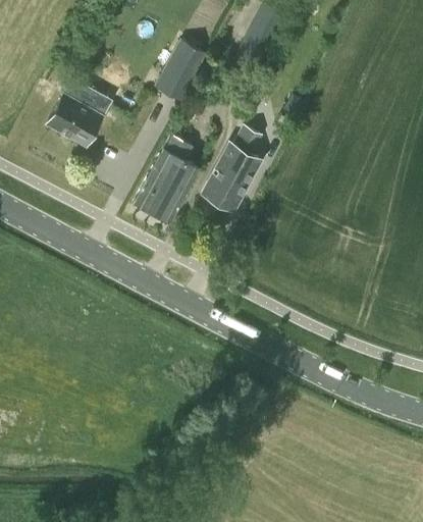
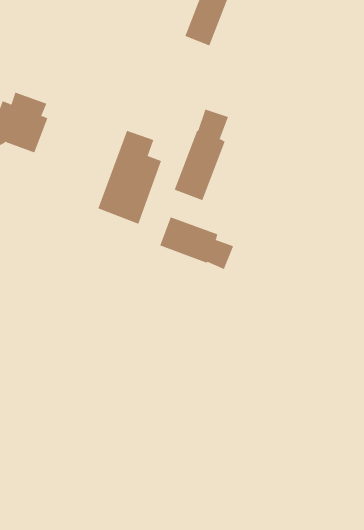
building: [154,41,207,102] -> none
building: none -> [159,216,234,270]

